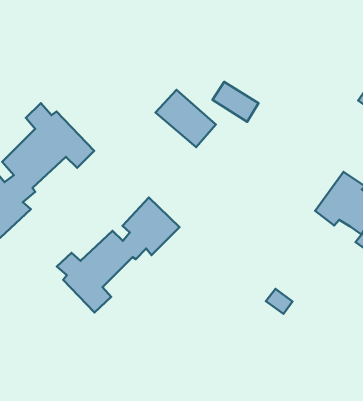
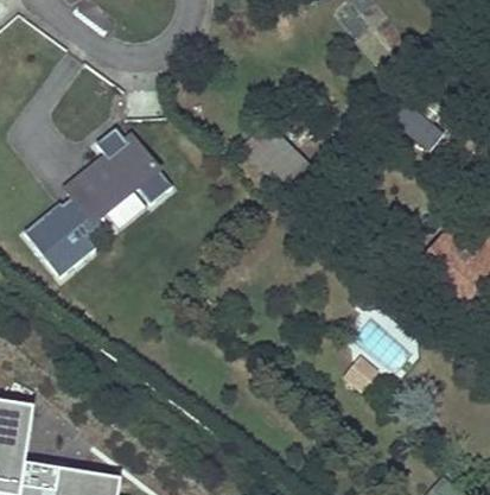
building: [213,82,259,122] -> [394,102,445,148]
building: [57,197,180,312] -> none

